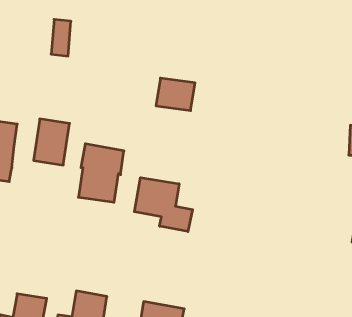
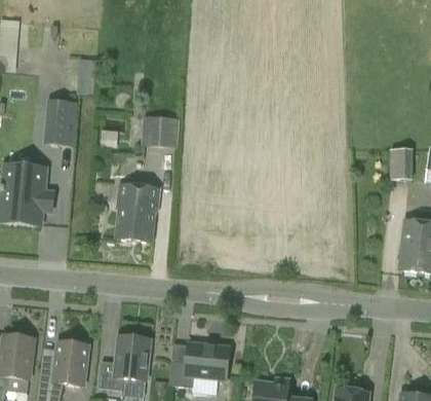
building: [156,78,195,111] -> [141,115,180,147]
building: [34,119,70,165] -> [43,99,78,145]
building: [134,178,193,232] -> none

